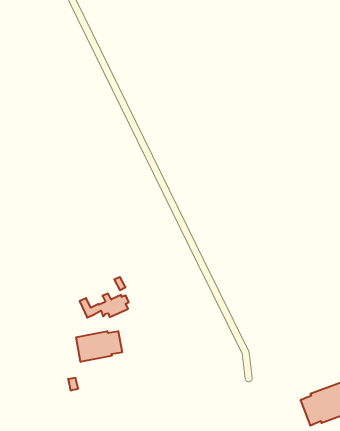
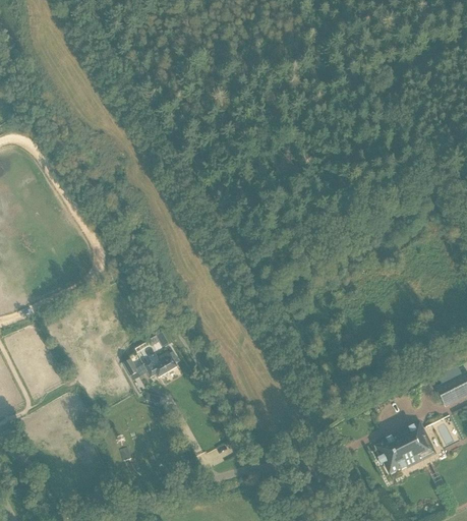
building: [76,331,122,362] -> none

